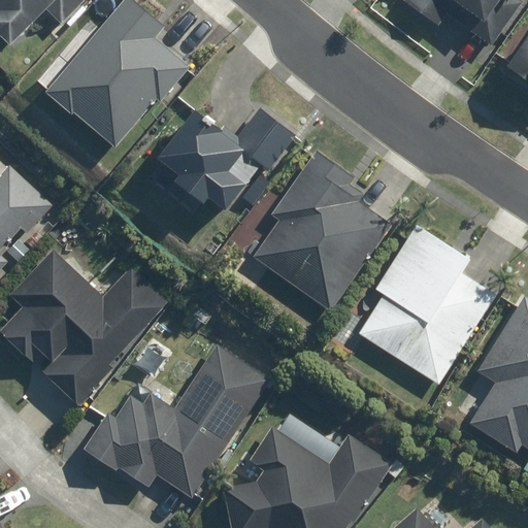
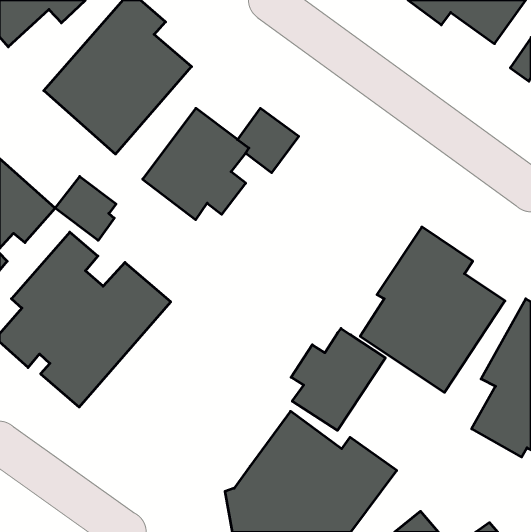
building: [246,153,393,312] -> none
building: none -> [55,176,116,240]
building: none -> [291,328,385,430]
building: [84,343,269,500] -> none

